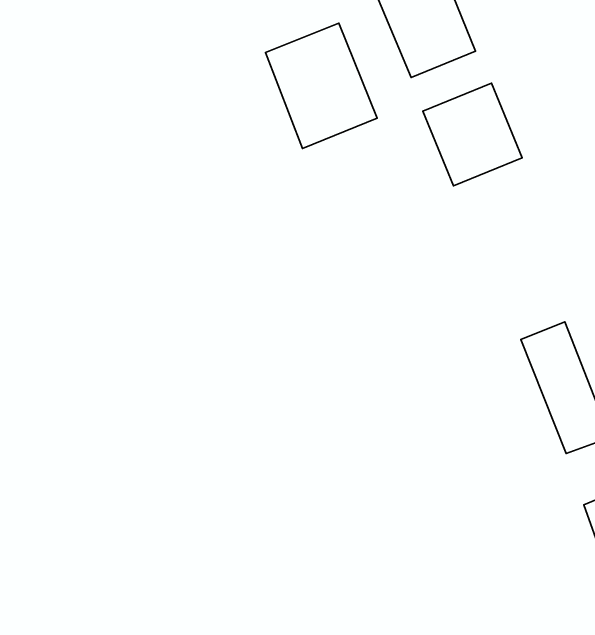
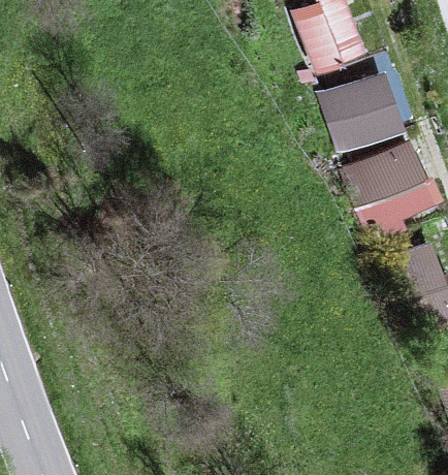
building: [265,23,377,149] -> none
building: none -> [353,140,429,222]

